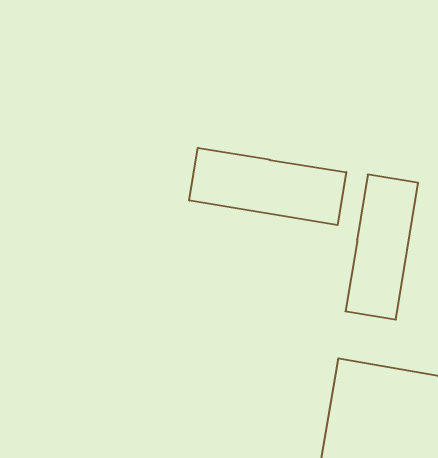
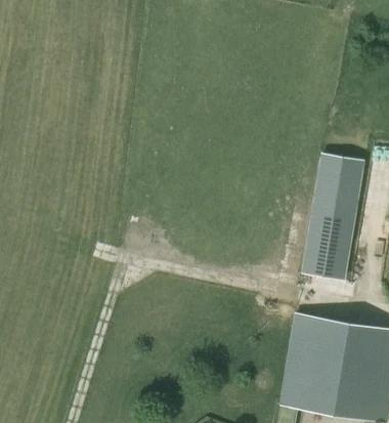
building: [189,148,346,225] -> none

